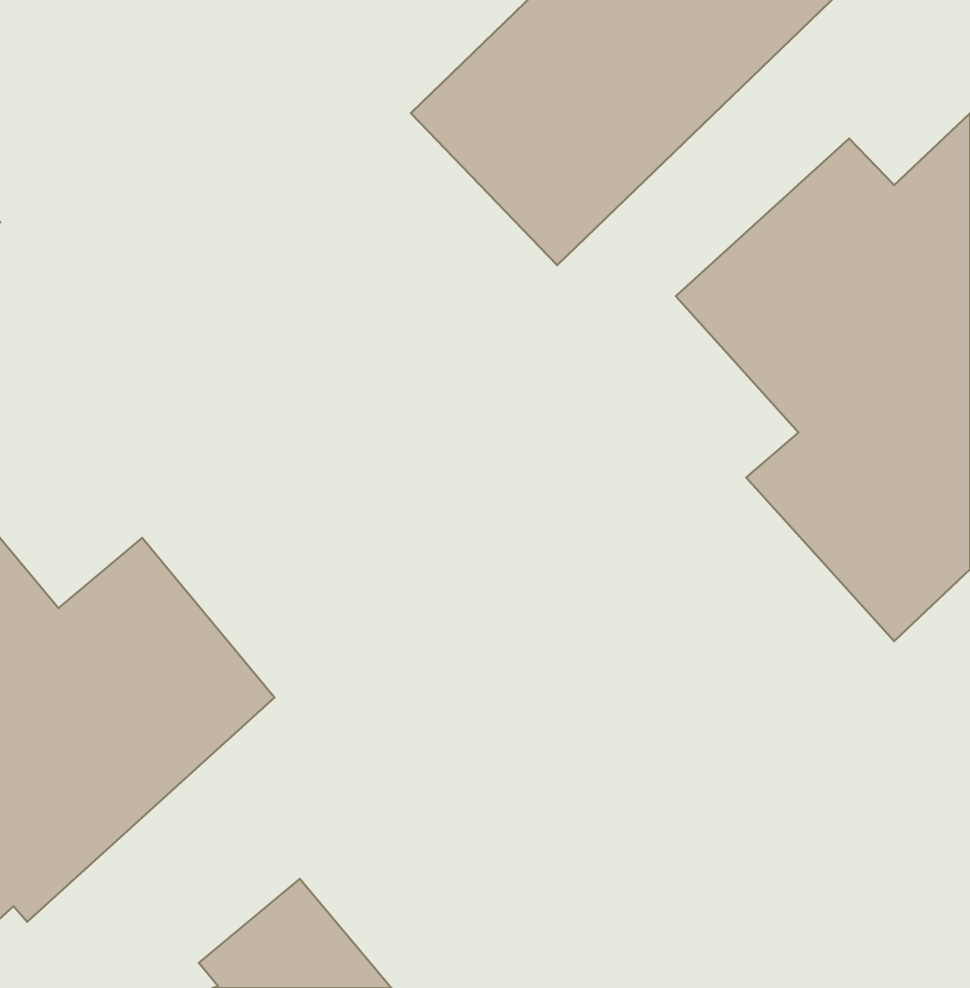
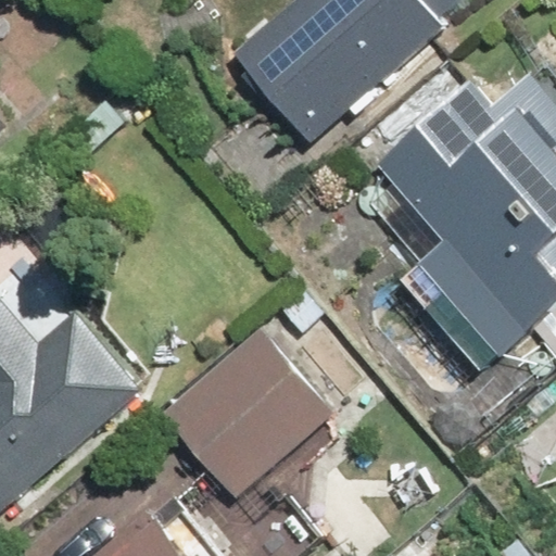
building: none -> [154,319,340,502]

